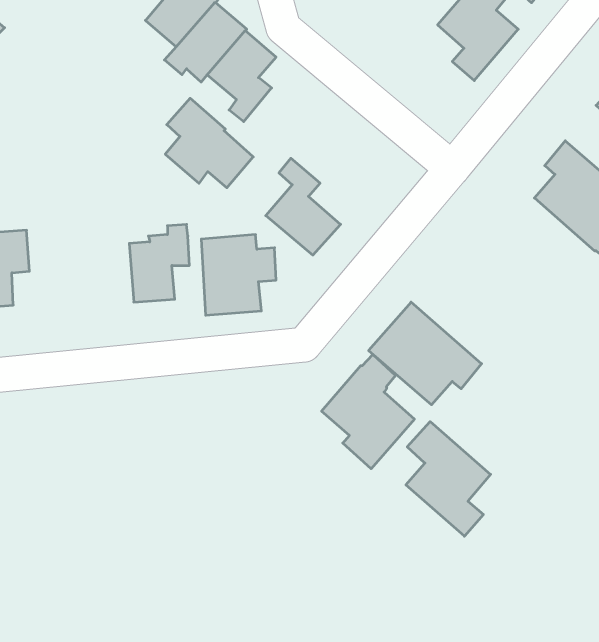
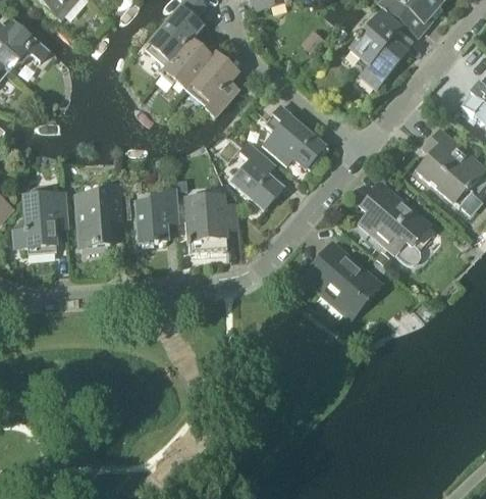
building: [165,98,253,188] -> [263,105,324,167]
building: none -> [359,183,429,265]
building: none -> [75,187,121,247]
building: [322,354,414,469] -> none
building: [406,422,491,536] -> none

